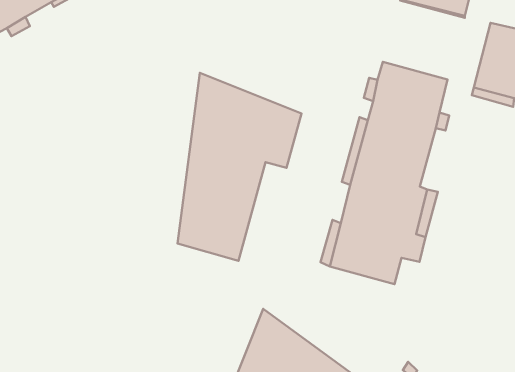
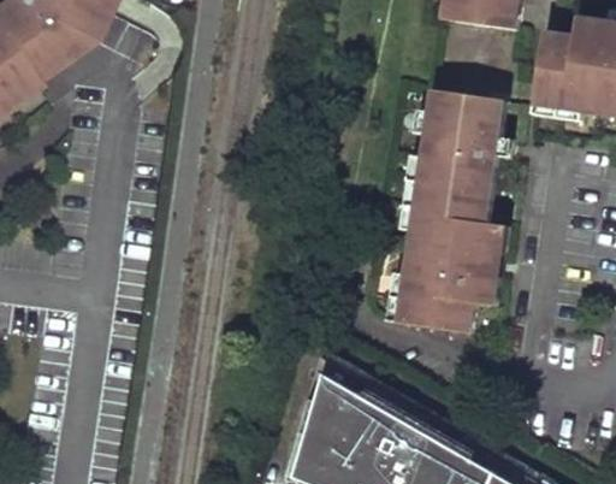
building: [177,73,301,261] -> none

